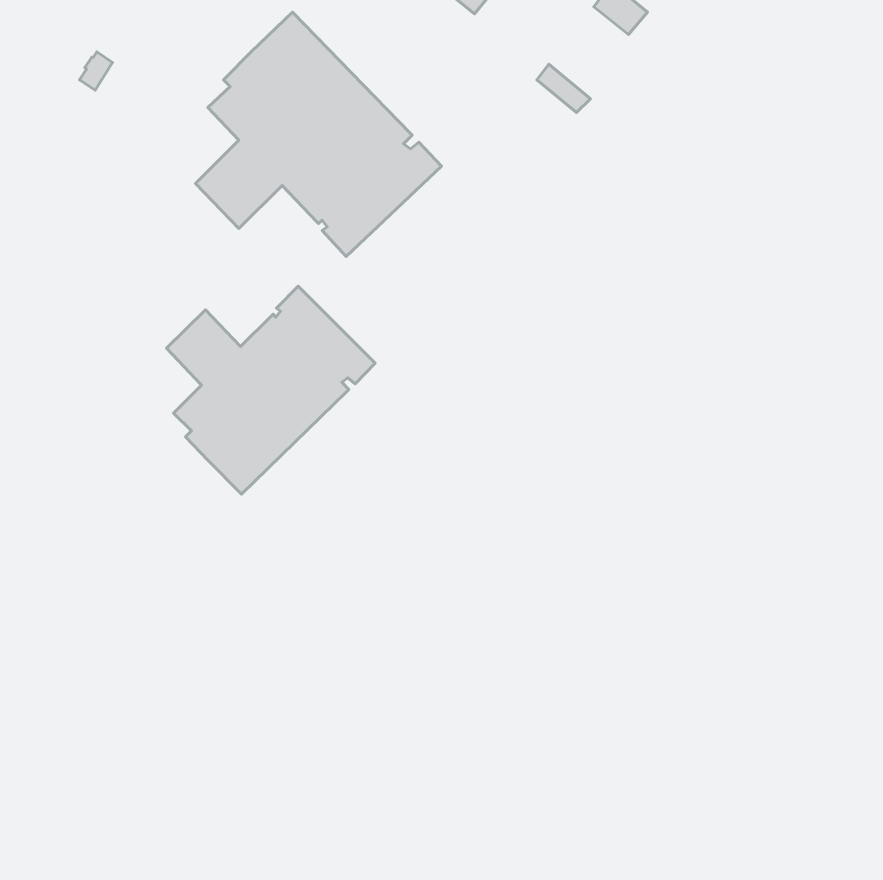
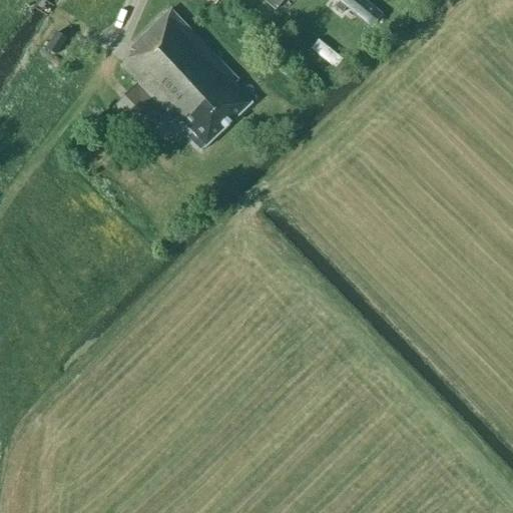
building: [167,286,375,494] -> none

